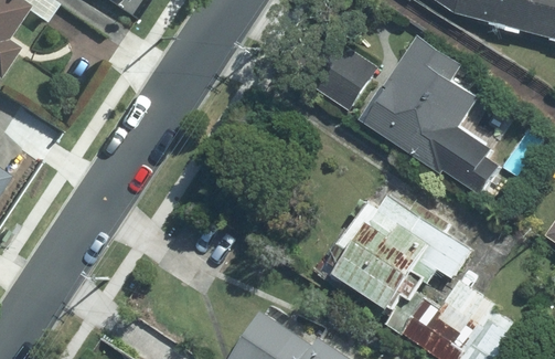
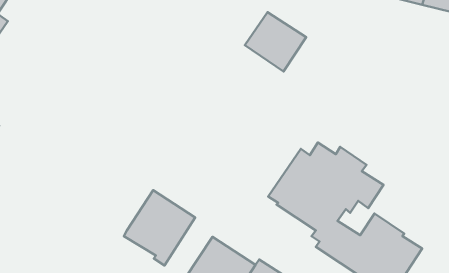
building: [365,38,489,186] -> none
building: none -> [124,190,195,265]

